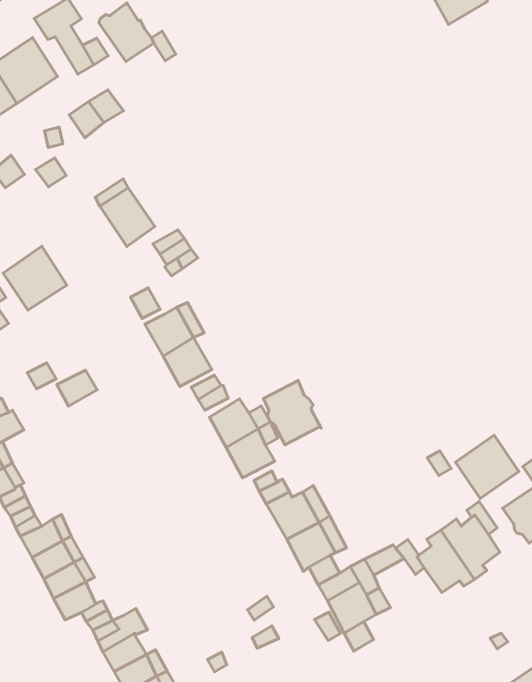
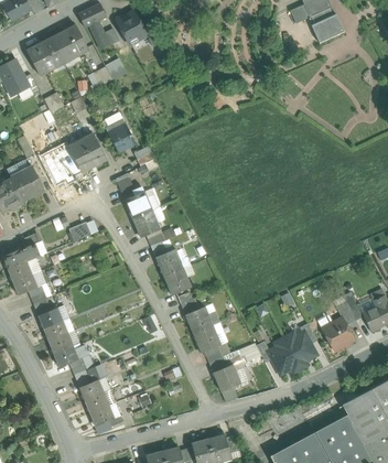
building: none -> [68,134,106,171]
building: [263,381,321,445] -> none
building: [455,435,519,499] -> none

